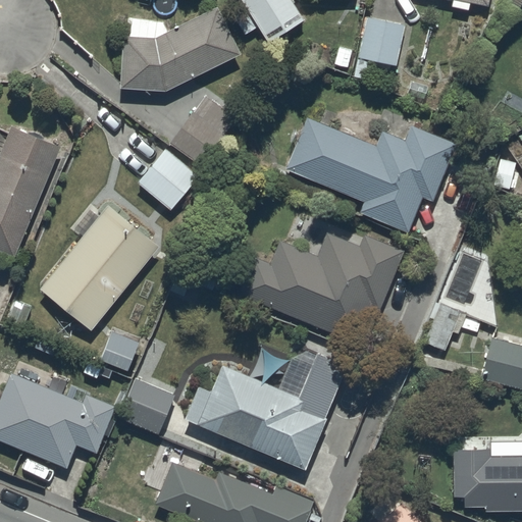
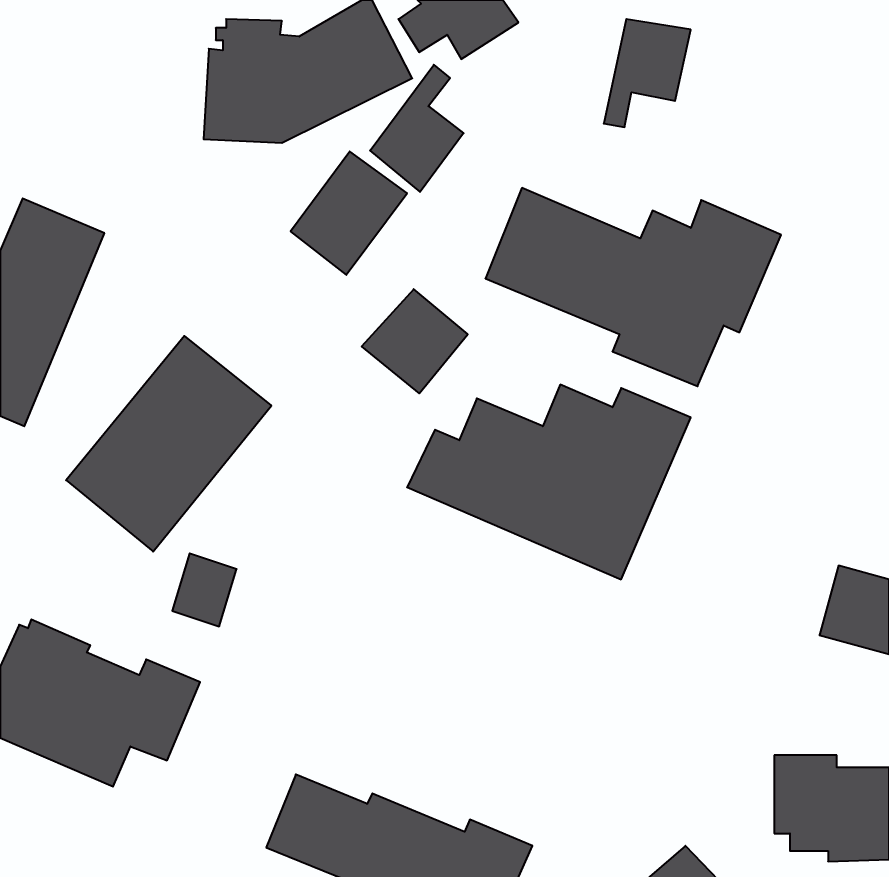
building: none -> [370,65,464,192]
building: [136,149,198,210] -> [362,289,468,393]
building: [424,252,497,352] -> none
building: [185,350,349,469] -> none
building: [119,379,175,432] -> none

